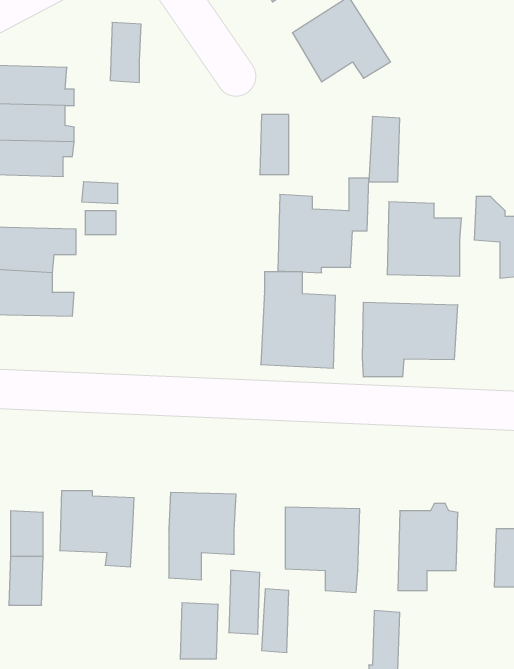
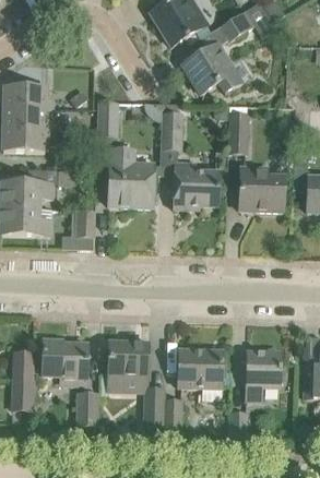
building: [110,22,141,82] -> [98,100,117,136]
building: [261,272,335,368] -> [108,150,153,207]
building: none -> [71,208,94,236]
building: [362,302,458,377] -> none
building: [180,603,218,659] -> [75,392,98,426]

